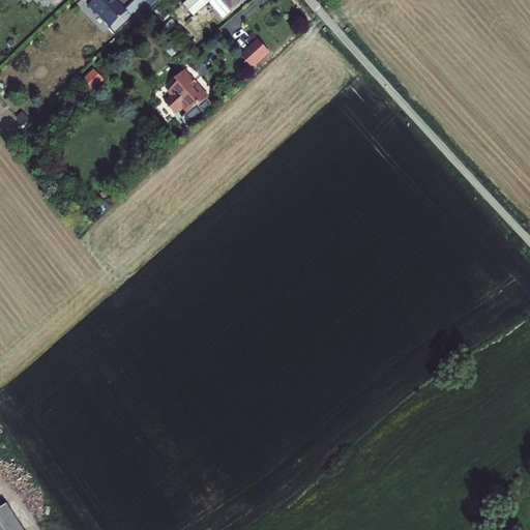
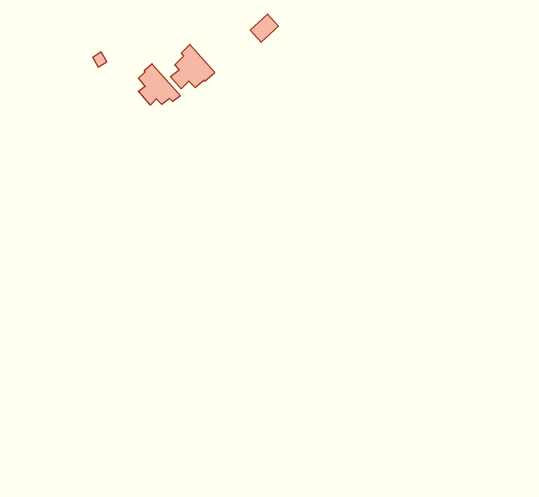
building: none -> [138,64,180,105]

